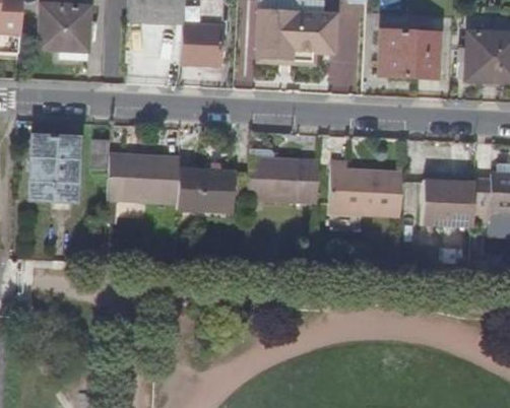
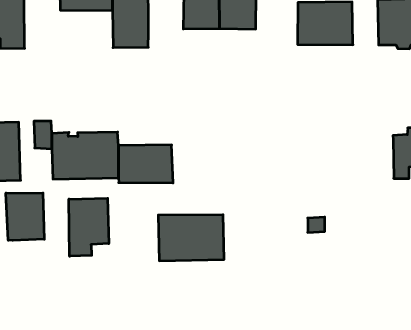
building: [249,152,320,204] -> [158,215,224,261]
building: [328,160,403,216] -> none
building: [421,180,474,224] -> none
building: none -> [6,193,44,240]
building: none -> [69,198,109,256]

